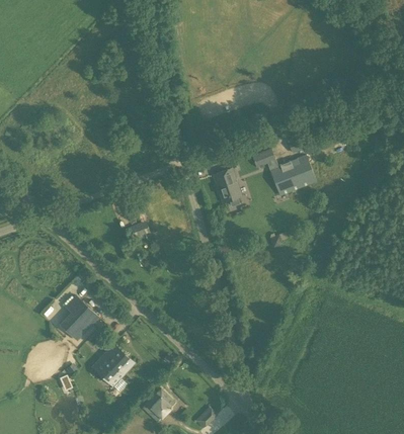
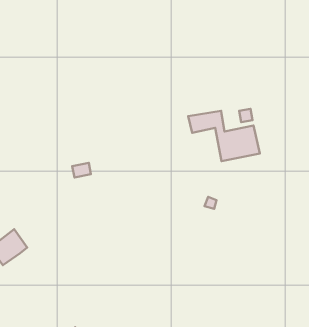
building: [212,169,240,203] -> none
building: [93,345,130,381] -> none

